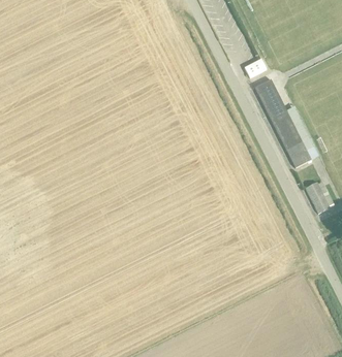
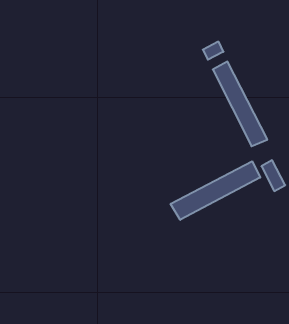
building: none -> [171,161,260,220]

